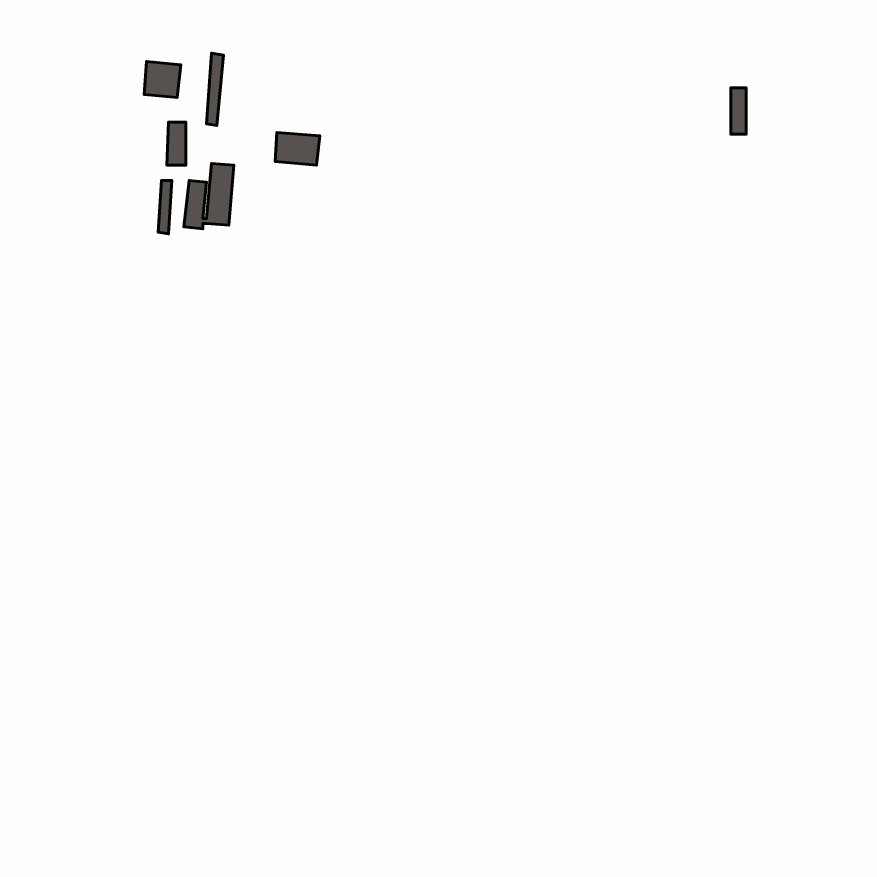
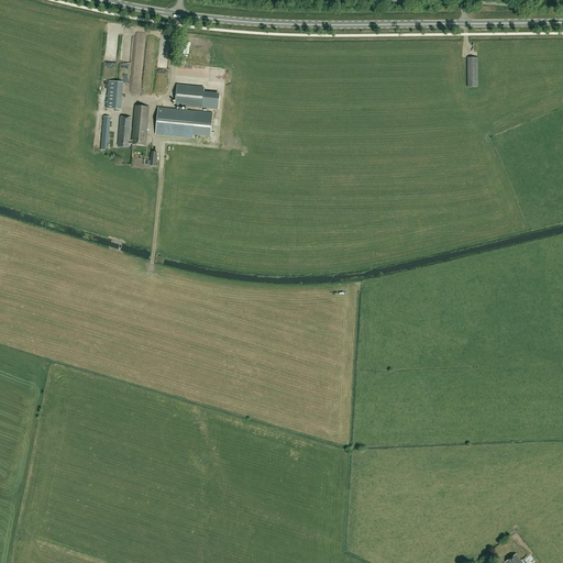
building: [144,62,181,98] -> none
building: none -> [157,107,200,136]

